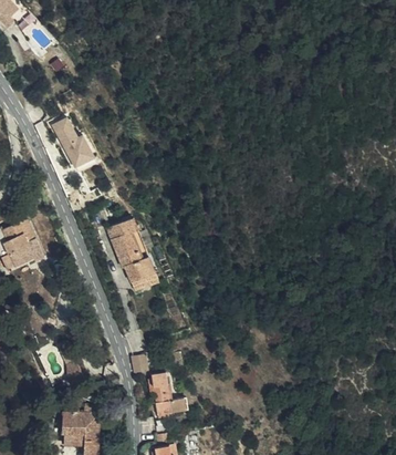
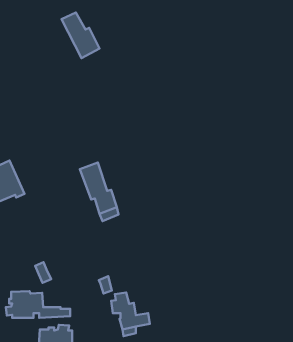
building: [51,115,95,168] -> [62,13,100,58]
building: none -> [6,291,70,318]

